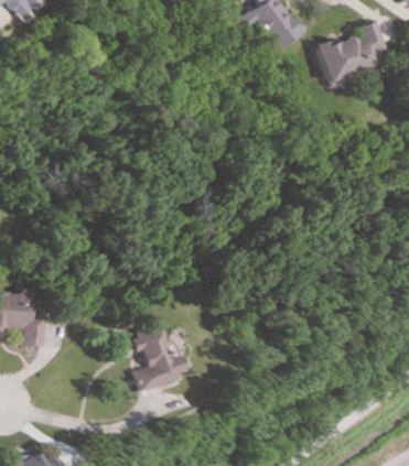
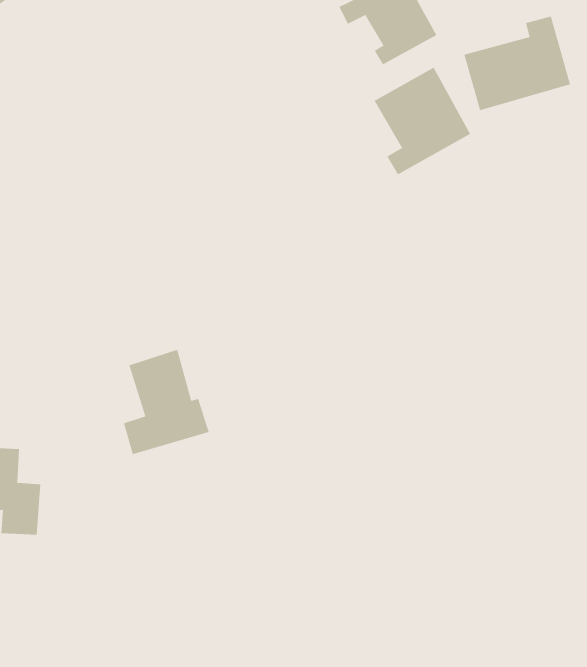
building: none -> [374,67,471,175]
building: [136,325,190,391] -> [123,349,210,455]

